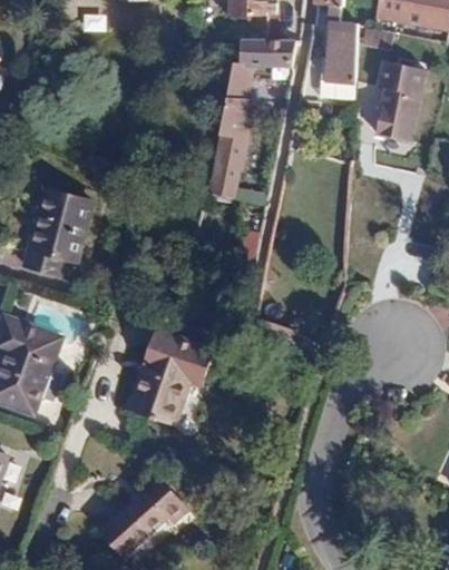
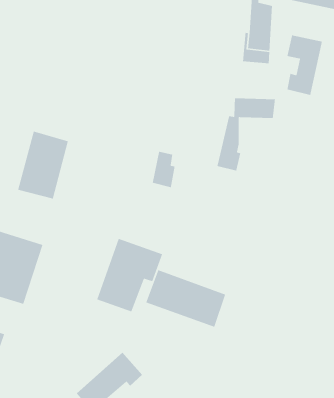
building: [219,39,297,136] -> [216,97,276,171]
building: [207,147,238,196] -> [152,151,176,188]
building: none -> [145,269,226,328]

